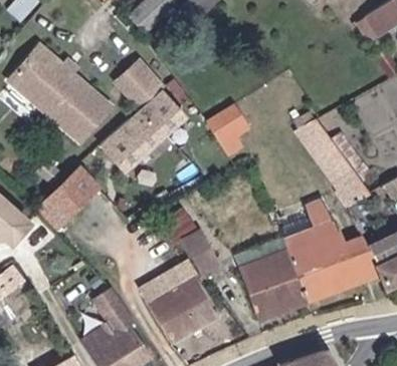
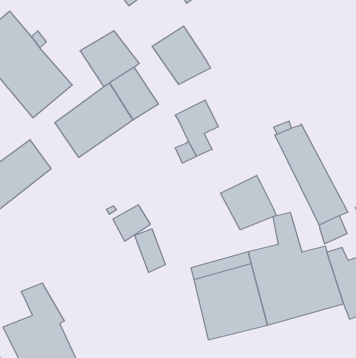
building: none -> [152,26,211,84]
building: none -> [220,175,276,230]
building: [141,268,222,346] -> none

